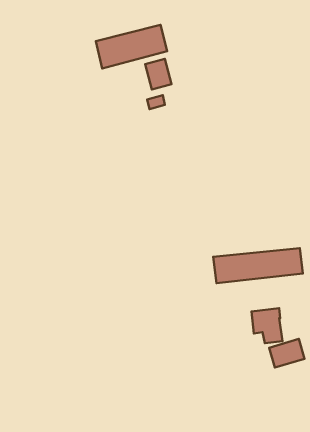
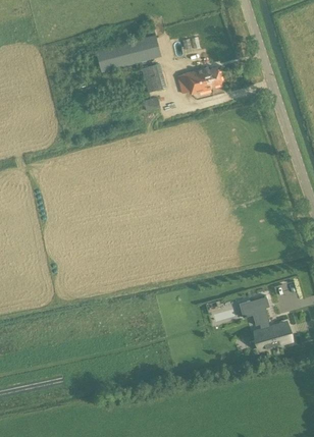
building: none -> [176,67,219,93]
building: [213,248,303,283] -> none

